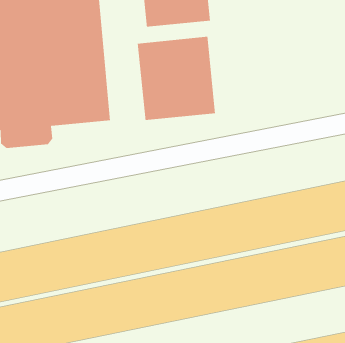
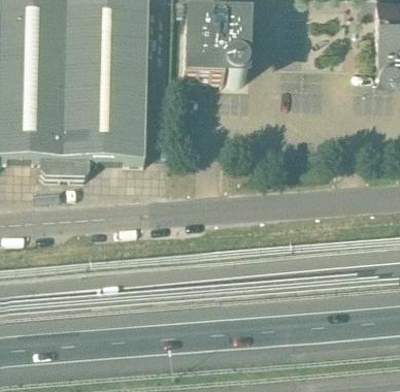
building: [137,36,216,121] -> none

